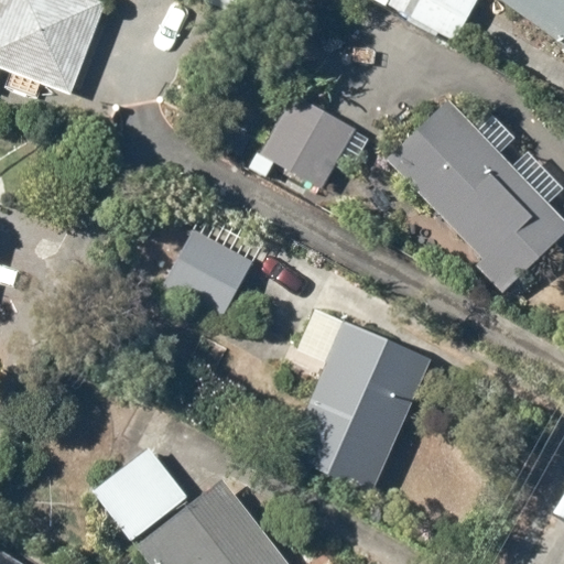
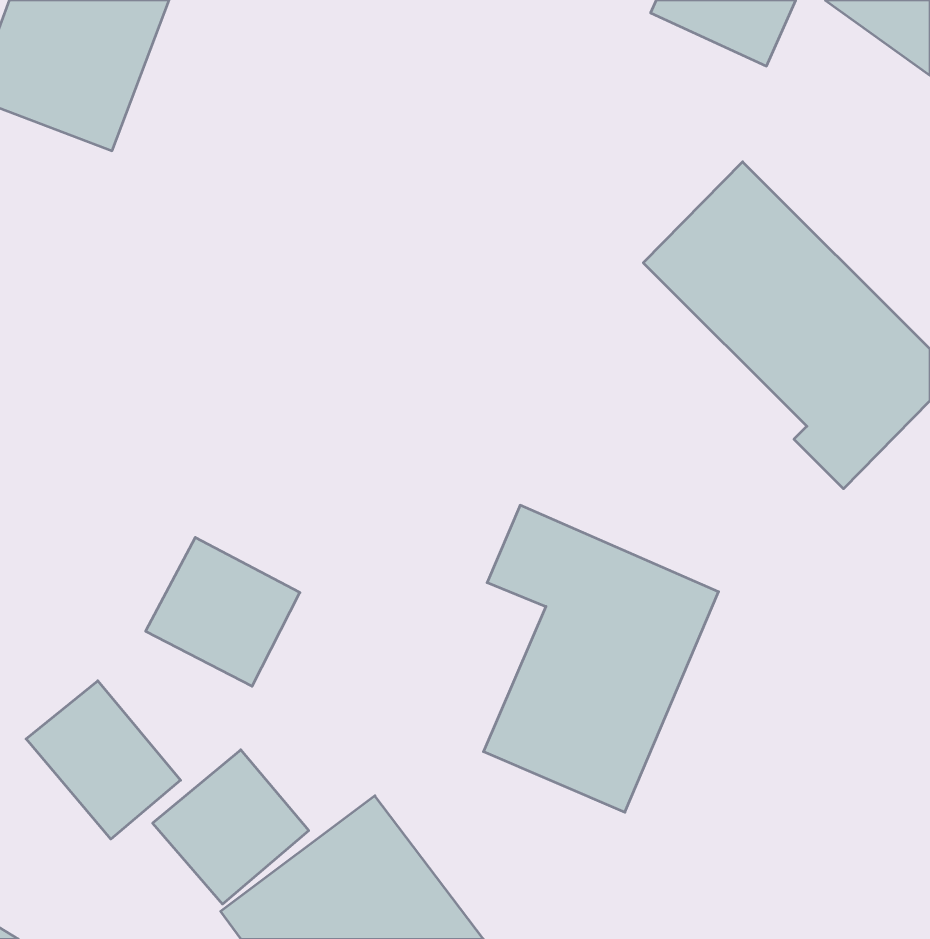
building: [260,91,360,188] -> none
building: [161,228,253,317] -> [146,537,300,686]
building: none -> [26,681,181,839]

